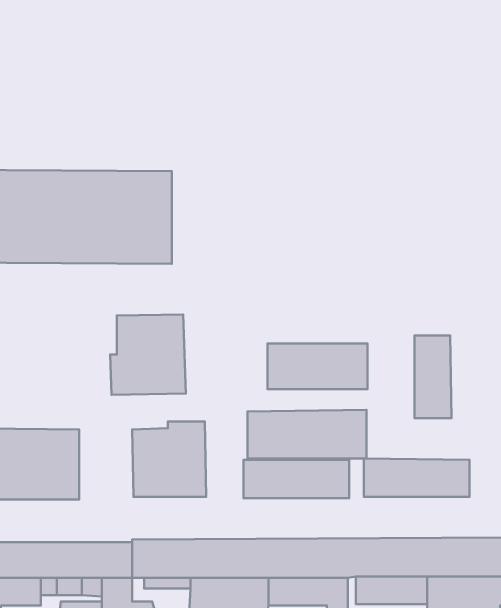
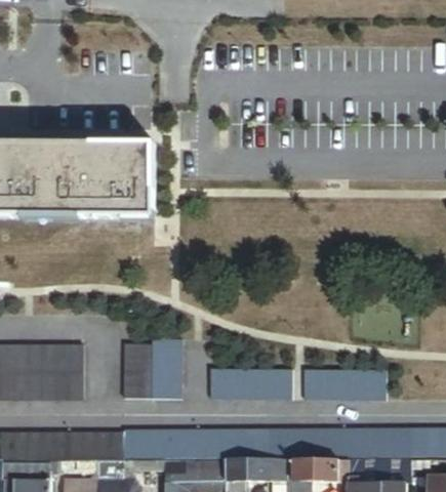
building: [110,314,186,395] -> none
building: [414,336,452,418] -> none
building: [268,344,367,389] -> none
building: [248,410,366,459] -> none

